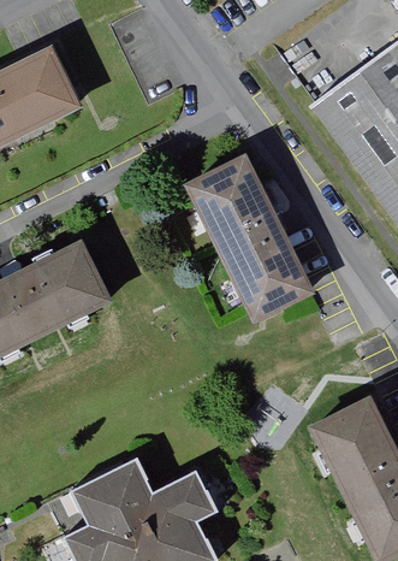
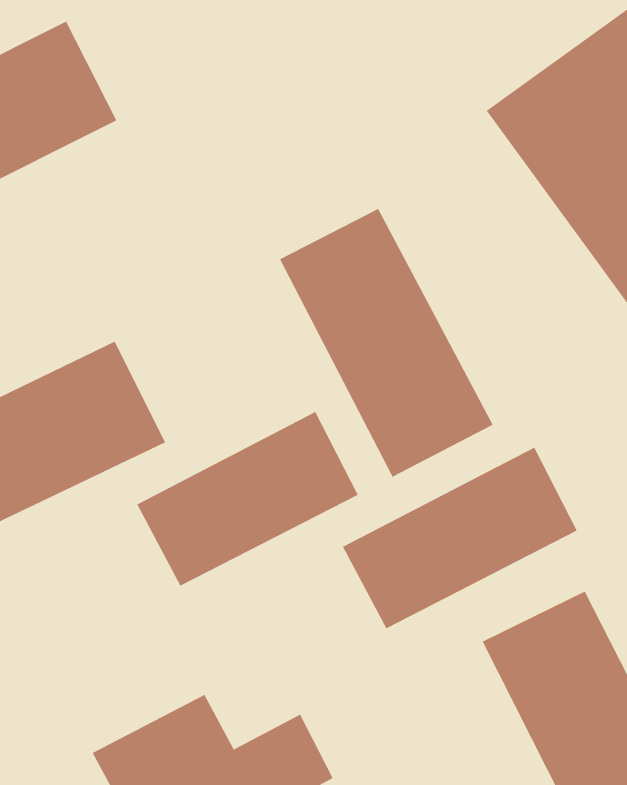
building: none -> [136,411,359,587]
building: none -> [342,447,577,629]

